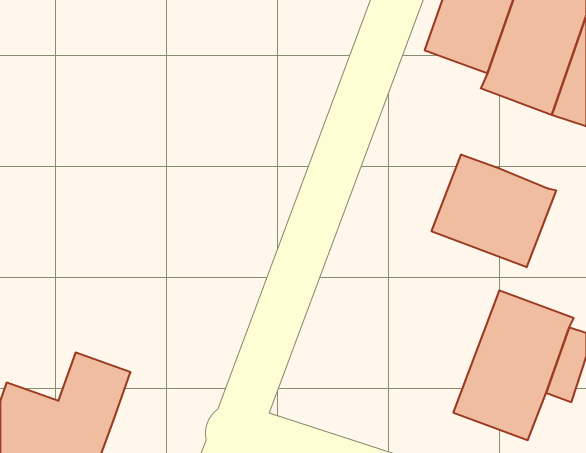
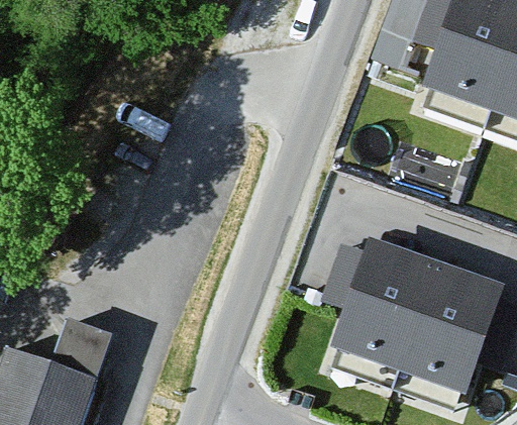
building: [432,154,556,267] -> none
building: none -> [329,237,439,370]

